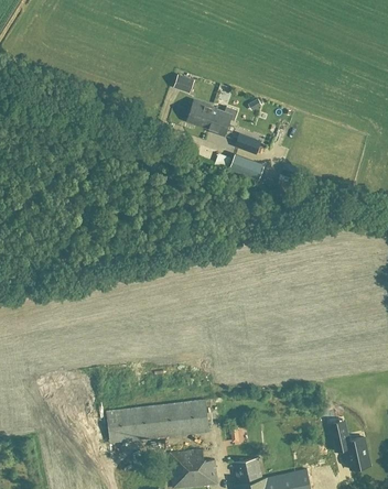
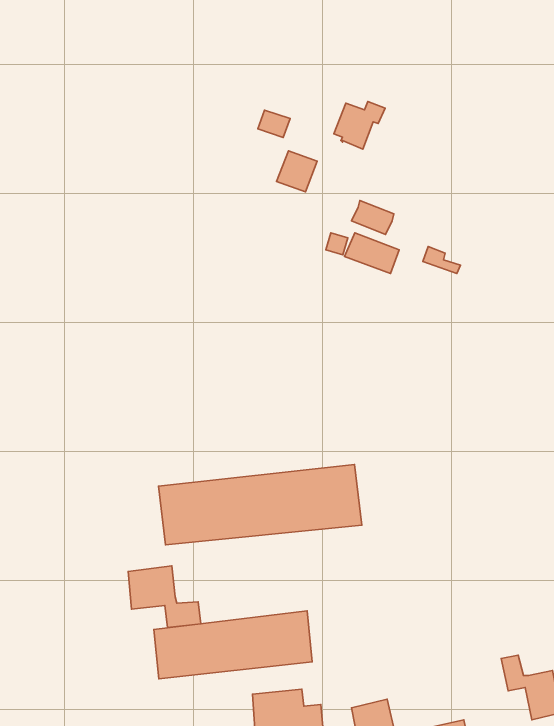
building: [205,107,238,138] -> [334,101,385,149]
building: none -> [159,464,362,545]
building: none -> [128,566,201,627]

